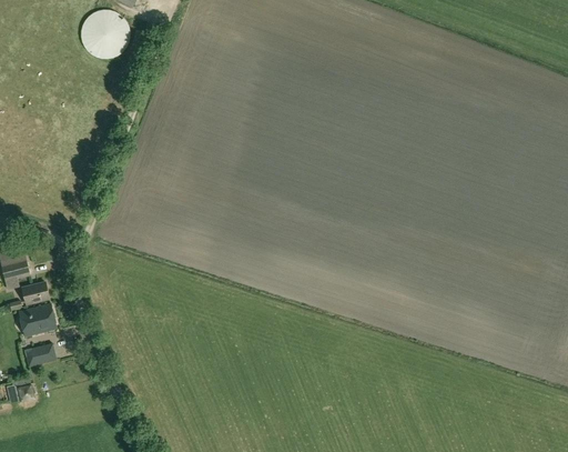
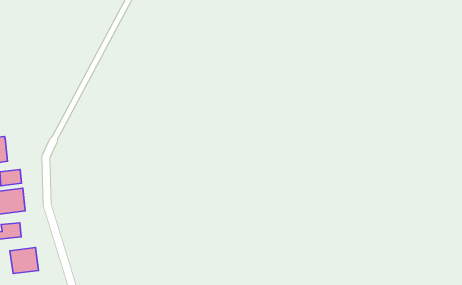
building: none -> [10,248,39,273]

